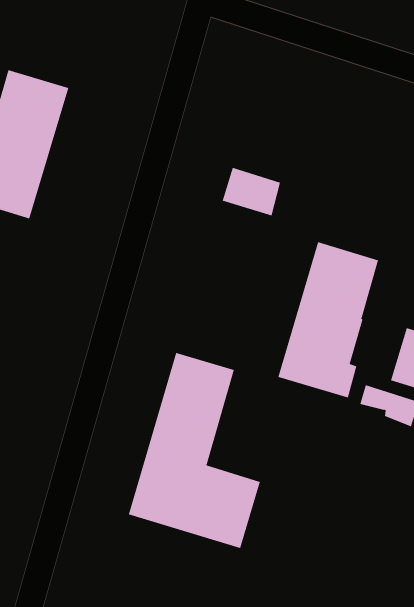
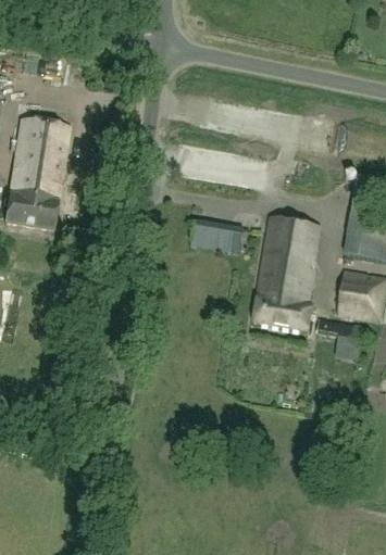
building: [222,167,281,216] -> [191,218,234,251]
building: [128,352,261,549] -> none

